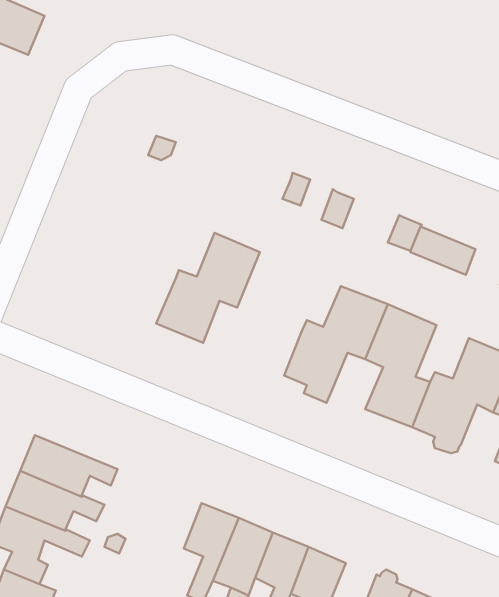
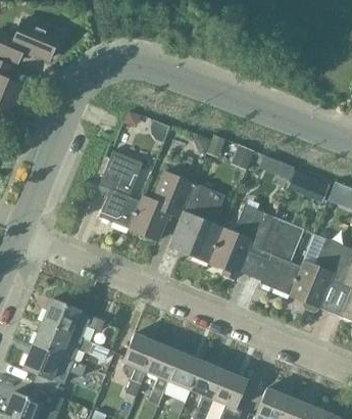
building: none -> [98,151,143,229]
building: none -> [168,184,223,262]
building: none -> [122,333,156,395]

